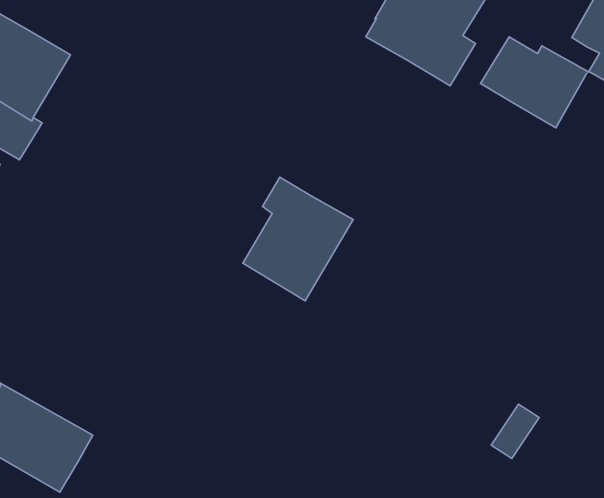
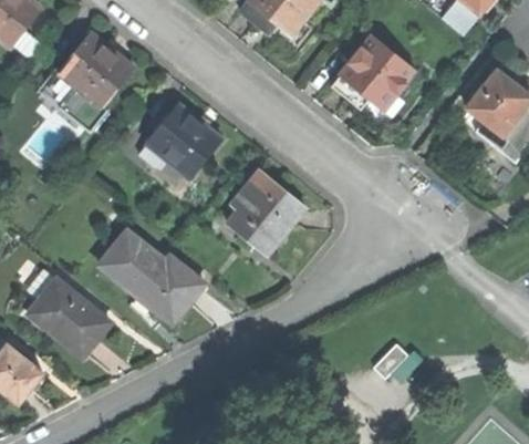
building: [480,37,588,128] -> none
building: none -> [147,104,221,177]
building: none -> [100,230,204,322]

